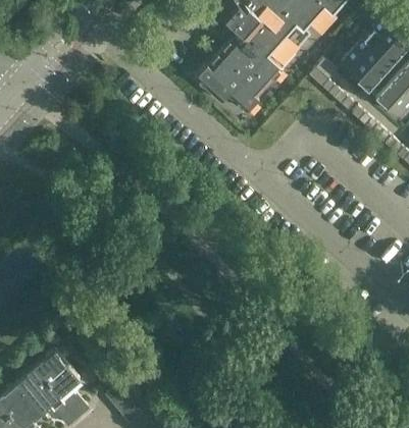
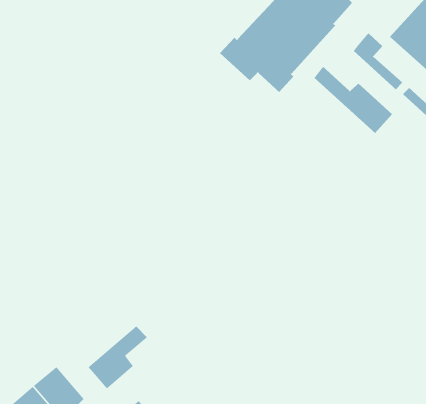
building: none -> [314,66,393,134]
building: none -> [87,325,148,389]

